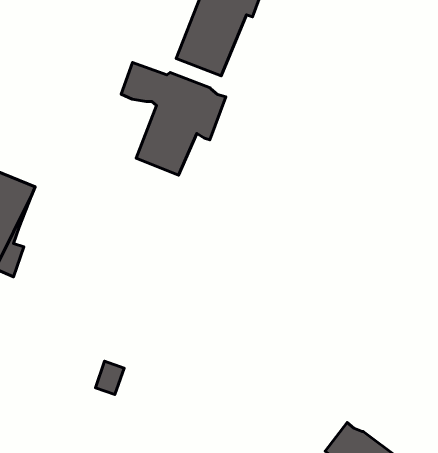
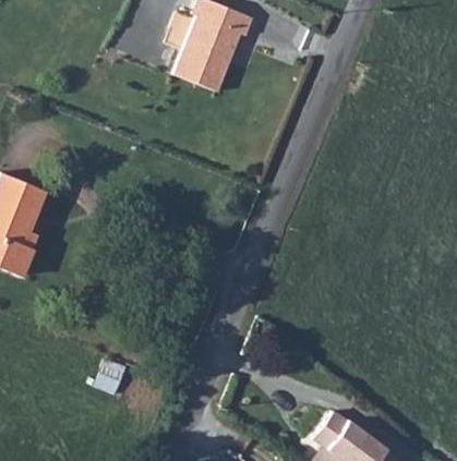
building: [121,63,226,175] -> none

